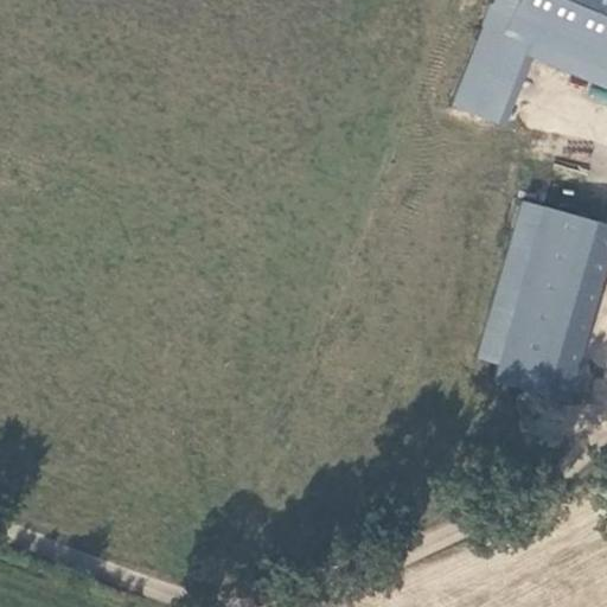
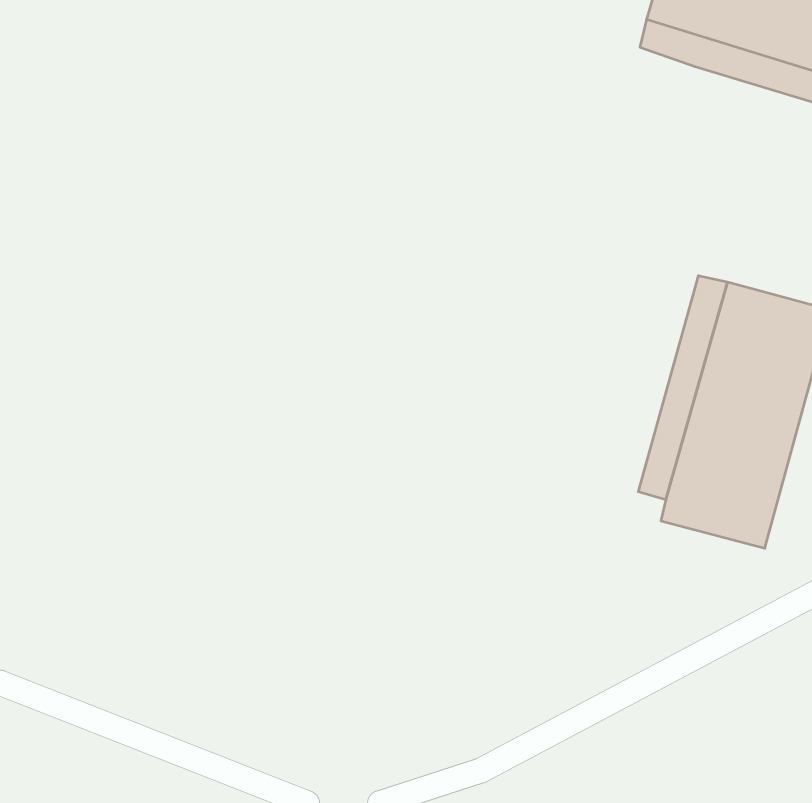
building: [454,34,520,133] -> none

